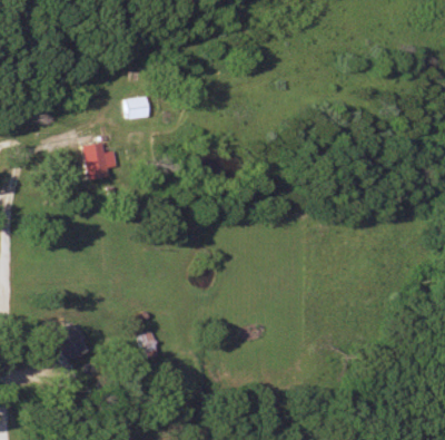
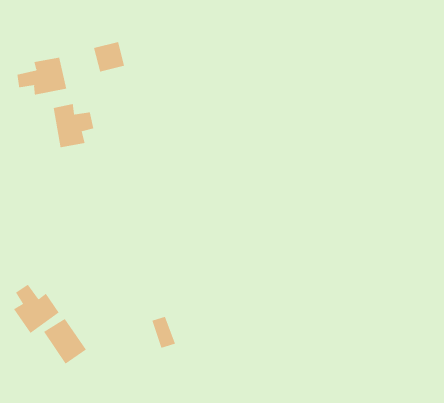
building: none -> [17,57,67,95]
building: none -> [13,284,59,334]

